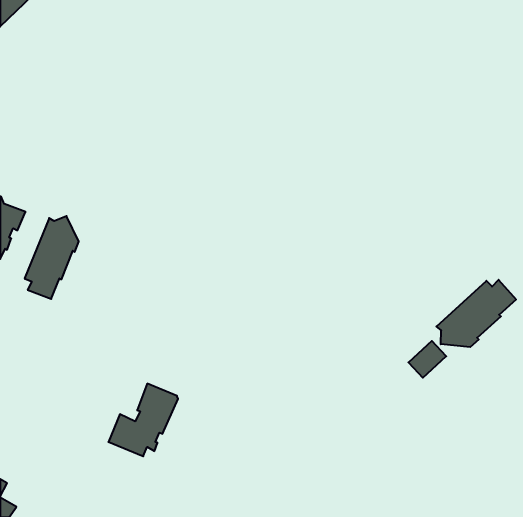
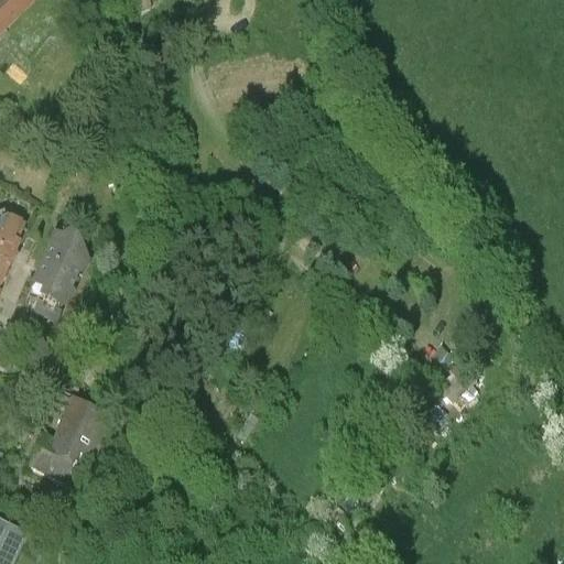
building: [436,280,516,347] -> none
building: [108,384,178,456] -> [30,395,105,474]

